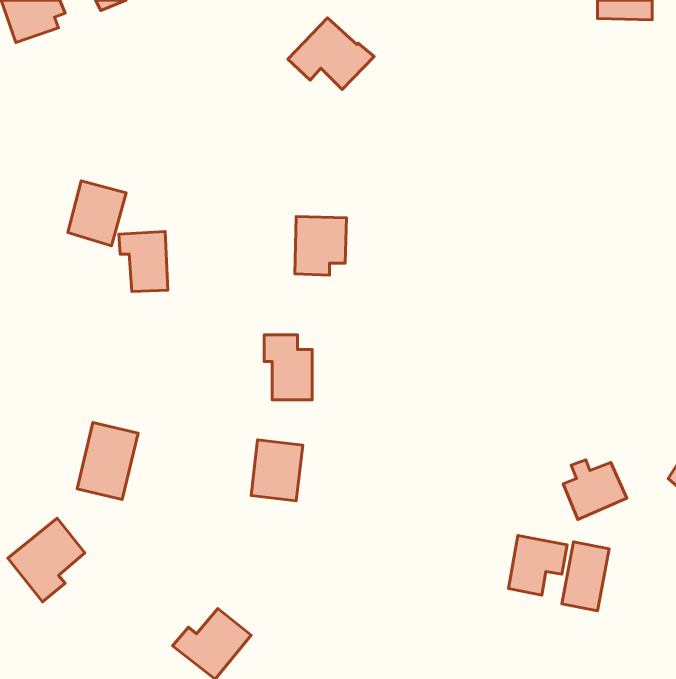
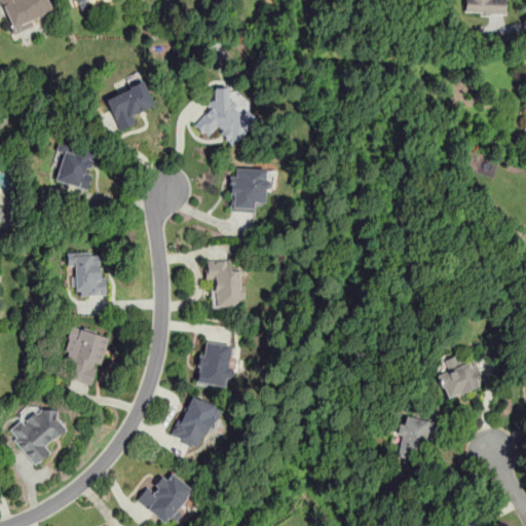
building: [288,18,374,90] -> [192,89,259,145]
building: none -> [106,80,155,130]
building: [119,232,168,291] -> [68,251,106,297]
building: none -> [171,393,220,450]
building: [562,542,609,611] -> none

